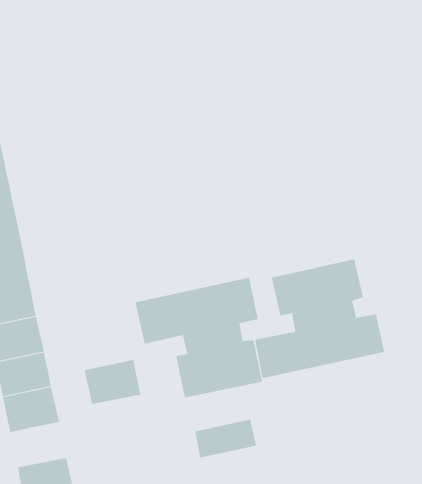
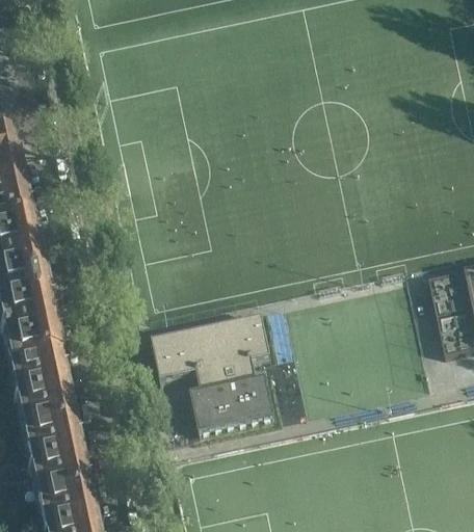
building: [254,259,385,379] -> none
building: [84,359,141,405] -> [32,454,87,498]
building: [195,419,257,459] -> none

